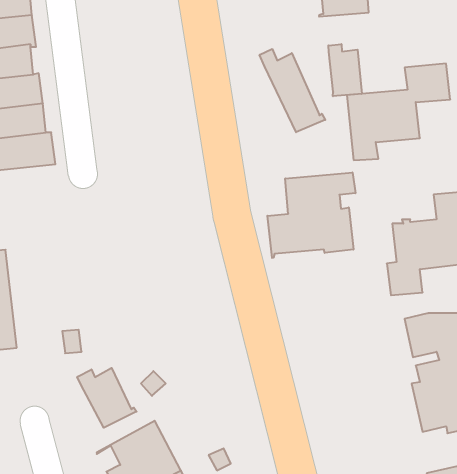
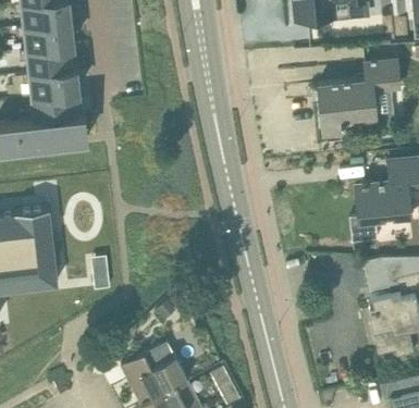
building: [328,44,362,96] -> none
building: [260,49,325,132] -> none
building: [267,172,355,258] -> none
building: [77,368,137,428] -> none

